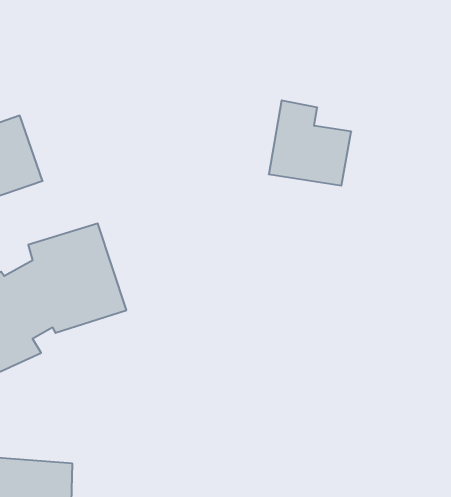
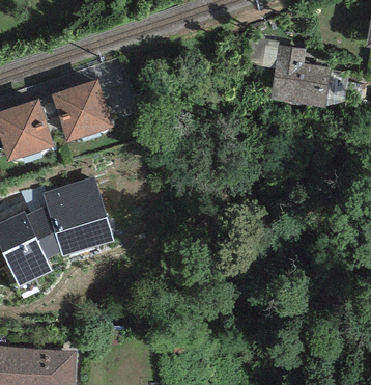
building: none -> [51,79,112,141]
building: [269,100,351,186] -> [269,44,330,106]

